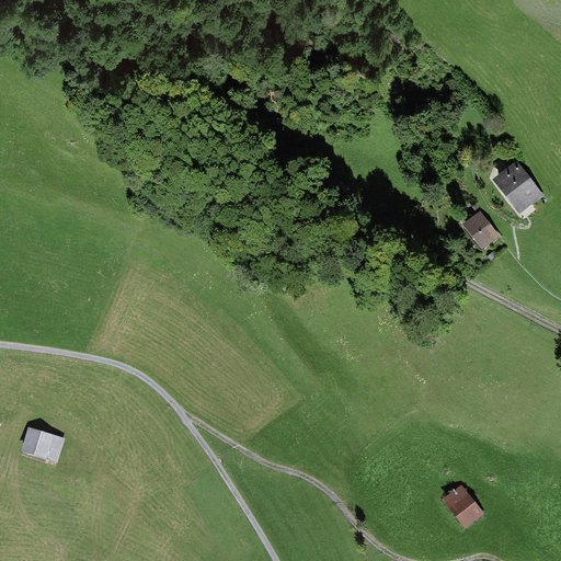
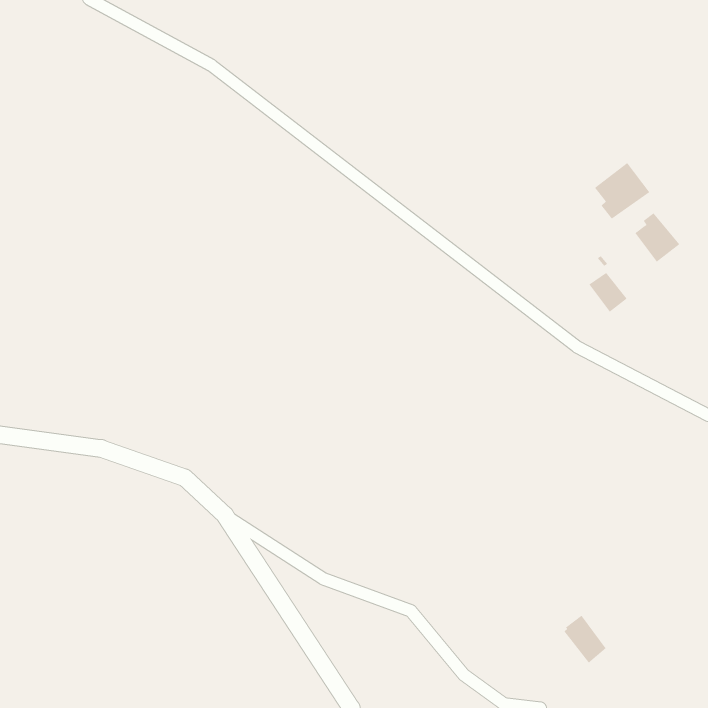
building: none -> [594,162,650,219]
building: [23,430,61,458] -> none

